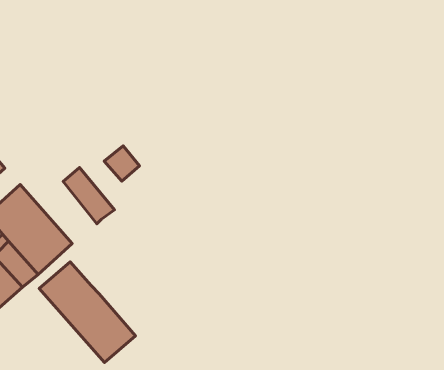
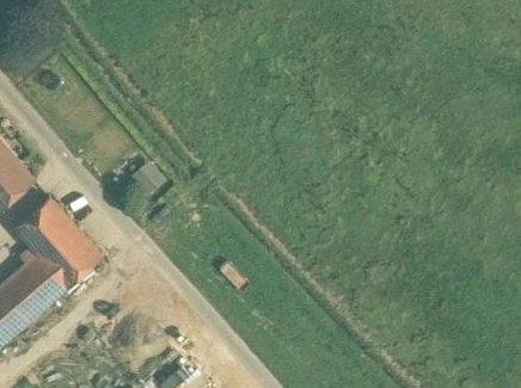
building: [63,168,114,224] -> none
building: [39,262,136,363] -> none

